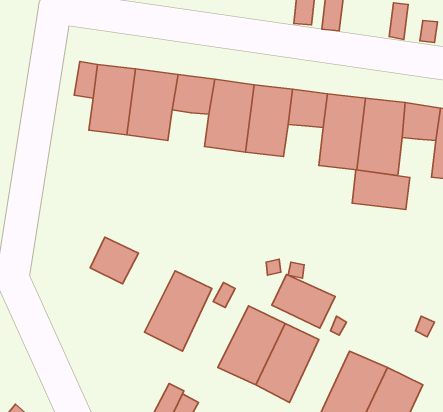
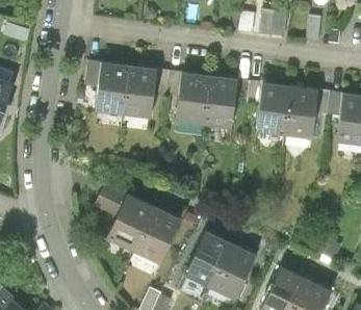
building: [352,170,410,209] -> none
building: none -> [107,196,155,252]
building: [272,274,335,328] -> none

